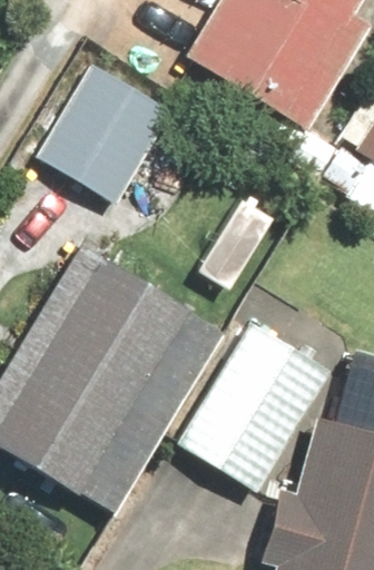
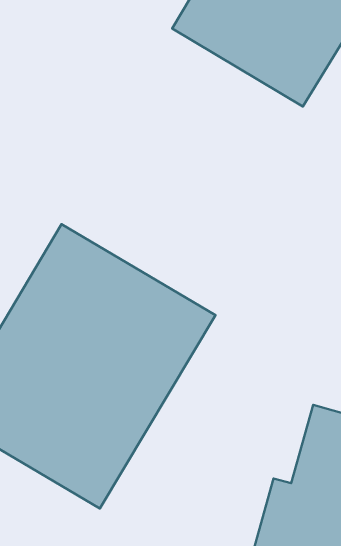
building: [37,63,175,206] -> none
building: [177,316,323,481] -> none

